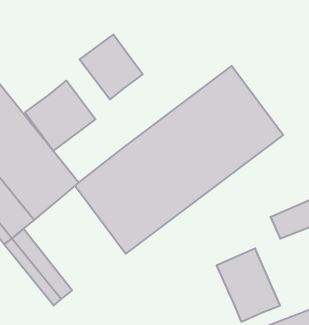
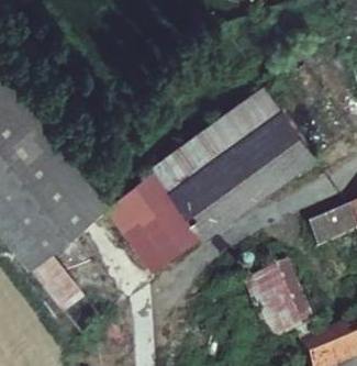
building: [80,34,143,100] -> none
building: [25,81,95,151] -> none

